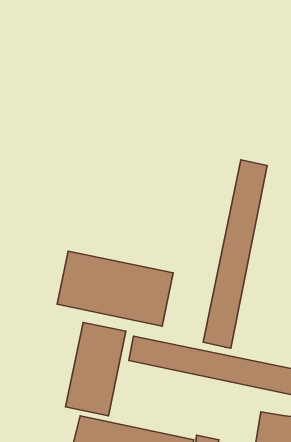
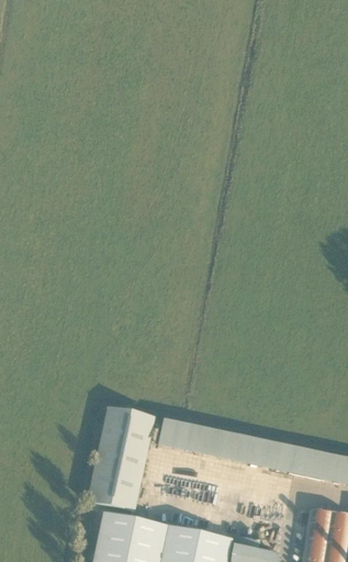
building: [203,160,267,348] -> none
building: [57,251,173,326] -> none

